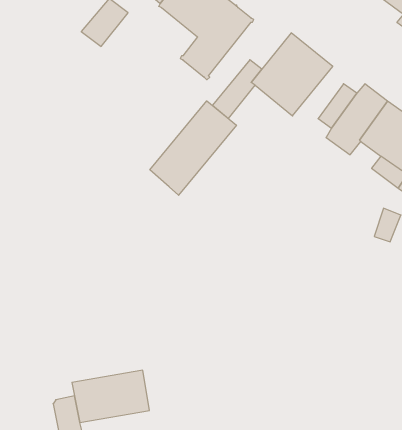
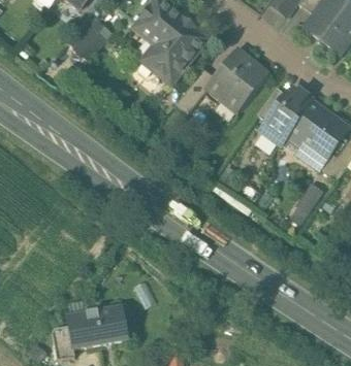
building: [150,101,236,195] -> none

